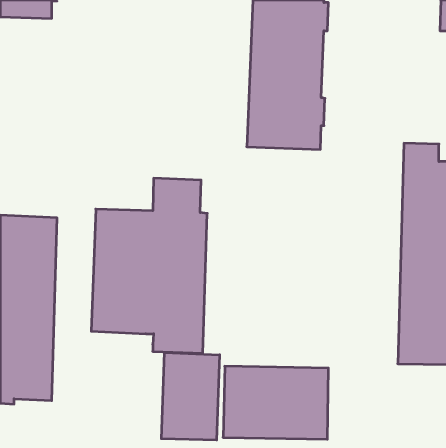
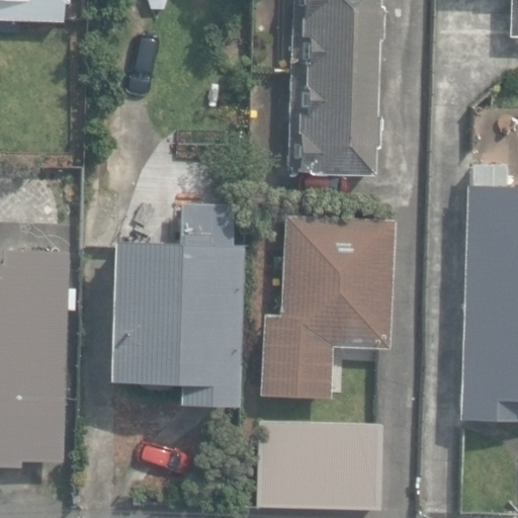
building: none -> [261,214,395,400]
building: [161,352,220,440] -> none

